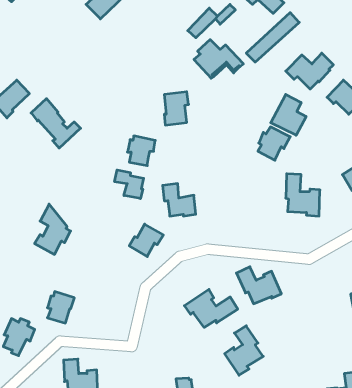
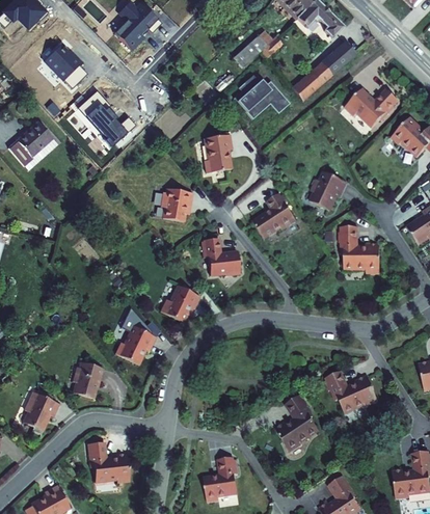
building: none -> [44,42,85,84]
building: [271,94,306,135] -> none
building: [31,99,81,148] -> [78,88,135,145]
building: none -> [254,193,298,238]
building: [115,170,144,199] -> none
building: [35,204,71,254] -> [113,306,155,364]
building: [236,267,281,304] -> [325,375,377,417]
building: [184,289,238,327] -> none

